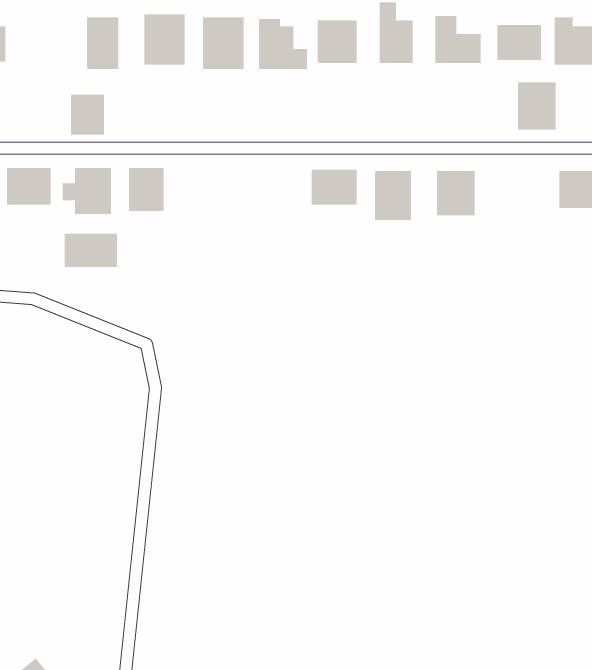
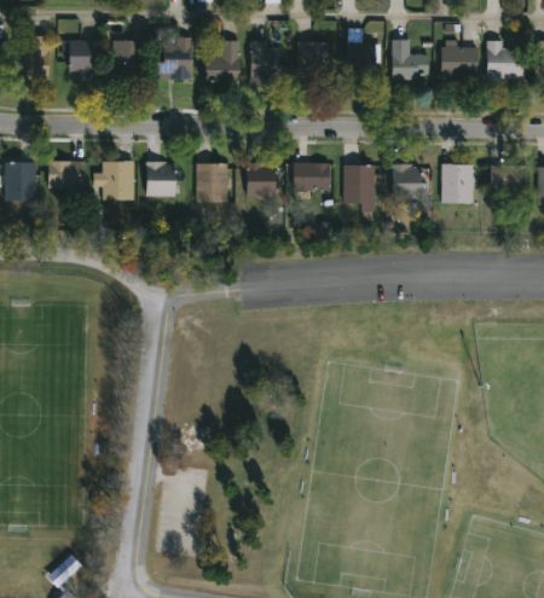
building: [517,82,556,130] -> [441,163,473,202]
building: [70,94,105,135] -> [69,40,97,72]
building: none -> [196,163,227,202]
building: none -> [248,163,276,196]
building: [64,233,118,268] -> none

